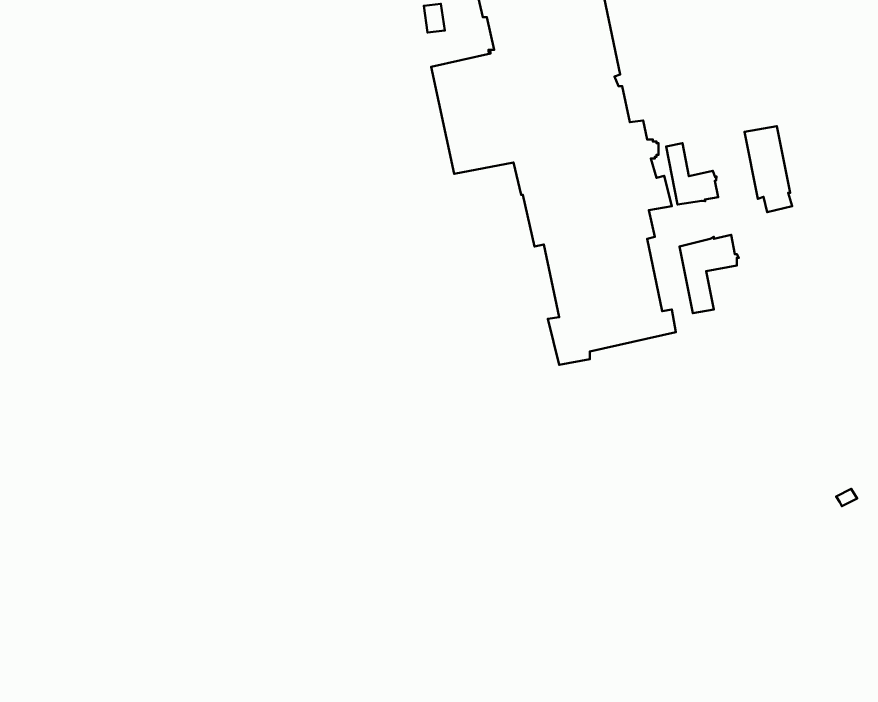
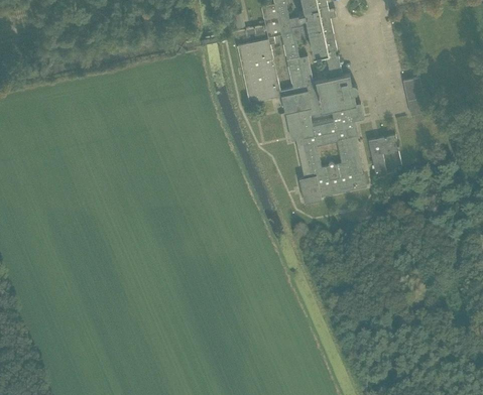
building: [666,143,718,204] -> none

